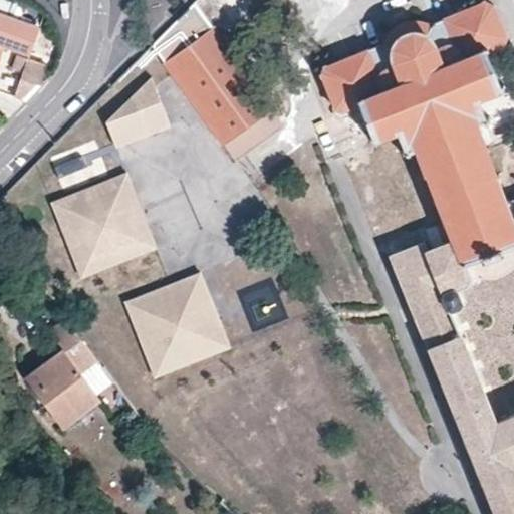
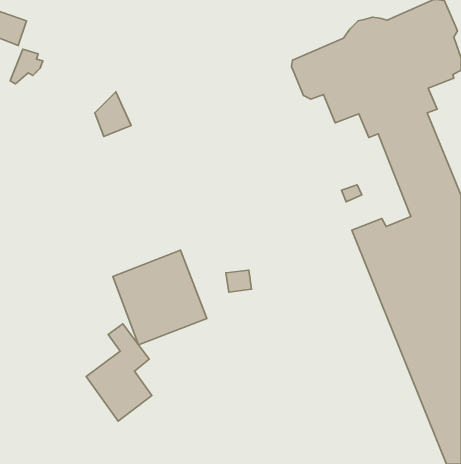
building: [164,28,273,146] -> none
building: [127,78,171,139] -> none
building: [51,176,155,280] -> none
building: [25,318,97,426] -> [86,324,152,421]

